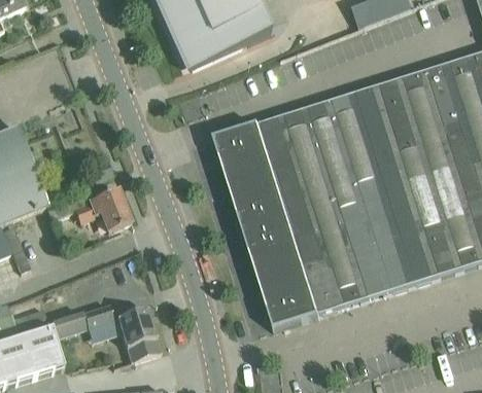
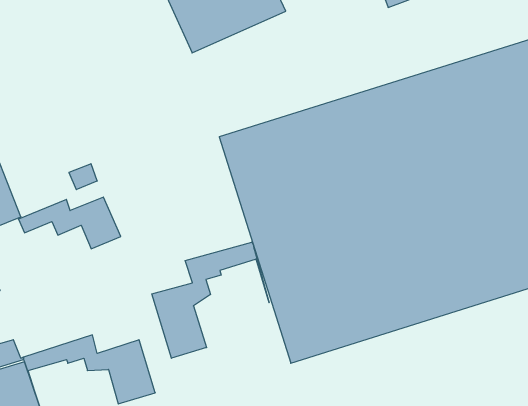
building: none -> [152,242,269,358]

